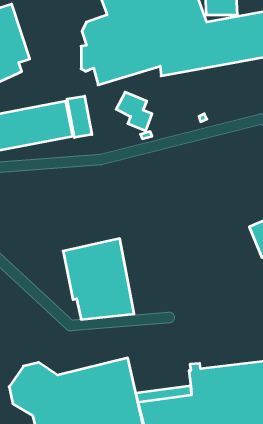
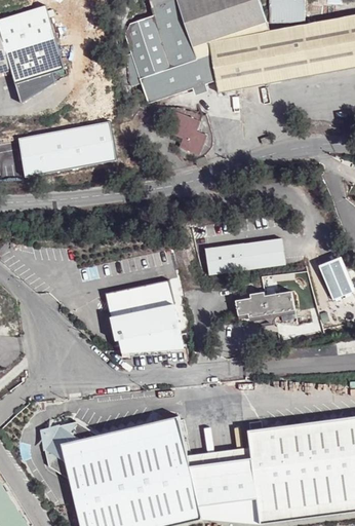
building: [67,96,92,138] -> none
building: none -> [205,235,285,272]
building: none -> [236,288,295,315]

